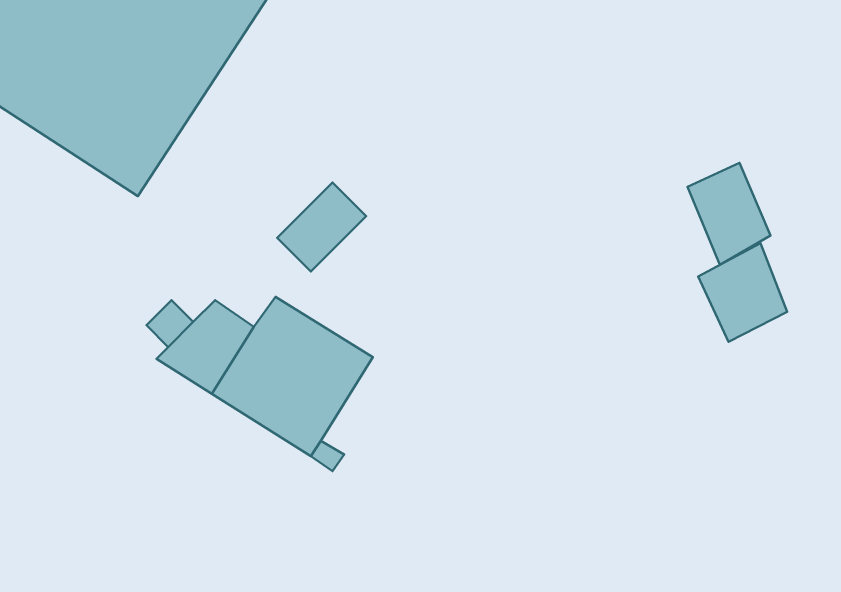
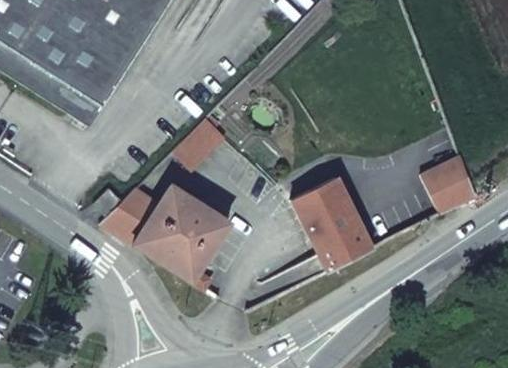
building: [687,163,771,265] -> none
building: none -> [290,176,371,270]

